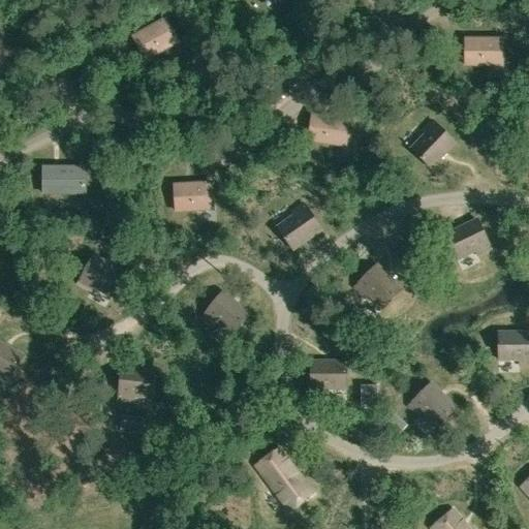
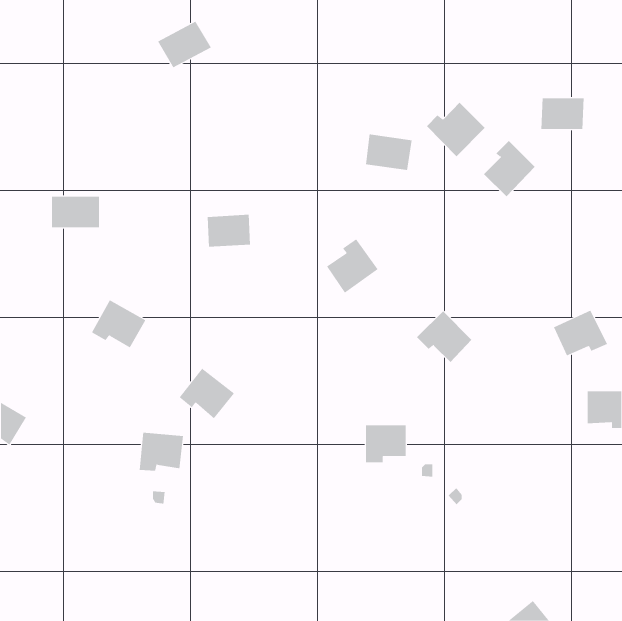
building: [466,37,503,64] -> [541,98,584,129]
building: none -> [426,102,486,157]
building: [444,219,491,258] -> [553,310,608,356]
building: [201,291,249,335] -> [179,368,235,419]
building: [407,382,456,427] -> none
building: [255,448,311,509] -> none

